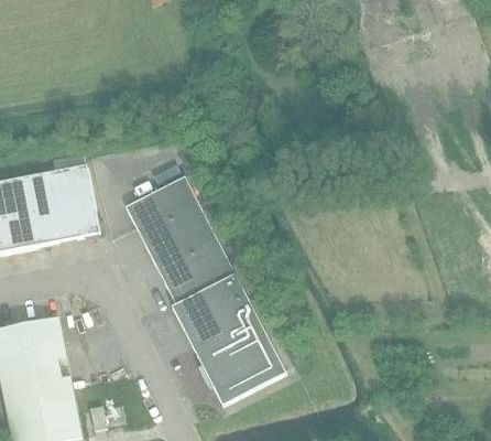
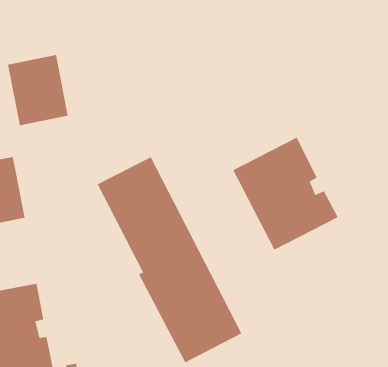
building: none -> [233,137,338,251]
building: [32,164,100,244] -> [7,55,69,126]

